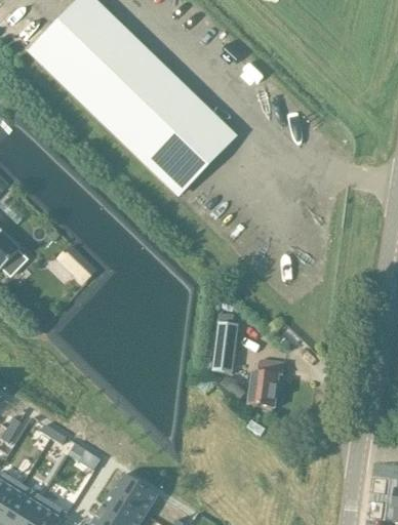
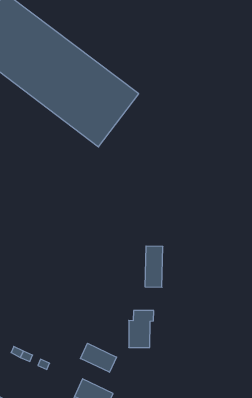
building: [249,359,285,406] -> [129,311,154,347]
building: none -> [80,343,117,372]

